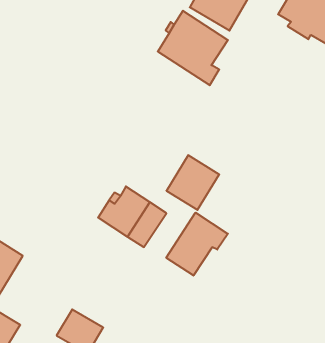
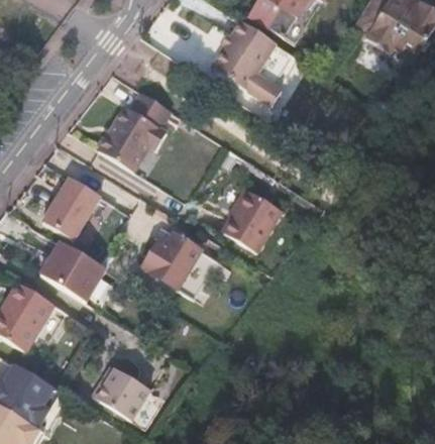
building: none -> [95,89,171,169]
building: none -> [39,172,101,238]
building: none -> [40,238,116,309]
building: [166,213,228,276] -> none

